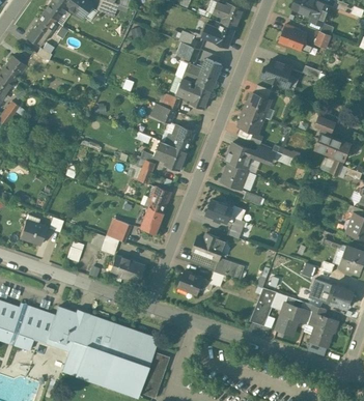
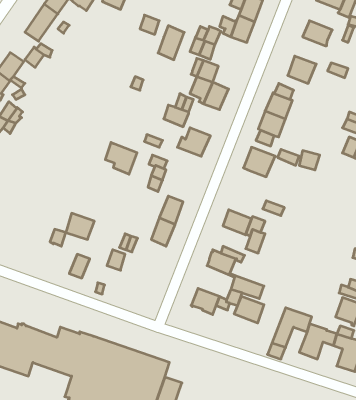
building: [197,59,221,90] -> [158,26,184,60]
building: [158,142,187,171] -> [105,142,137,174]
building: [221,164,248,191] -> none
building: [20,221,46,245] -> [66,213,94,239]
building: [108,255,143,284] -> none
building: none -> [234,296,264,323]

